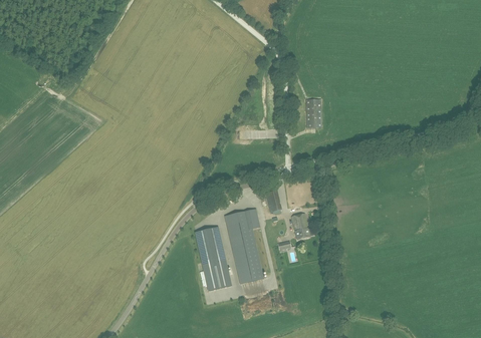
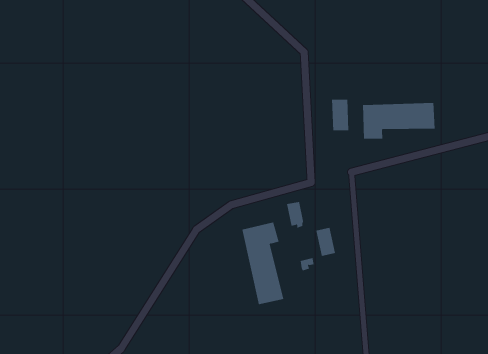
building: none -> [363,102,435,139]
building: [195,228,230,291] -> none

